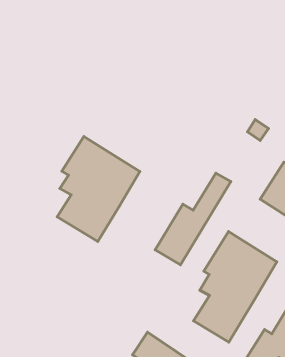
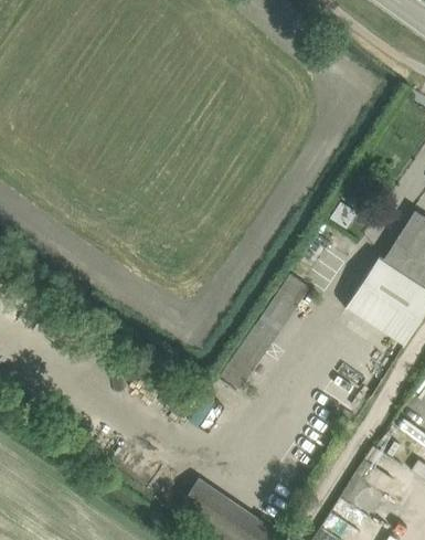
building: [57,137,140,242] -> none
building: [194,232,277,342] -> none

